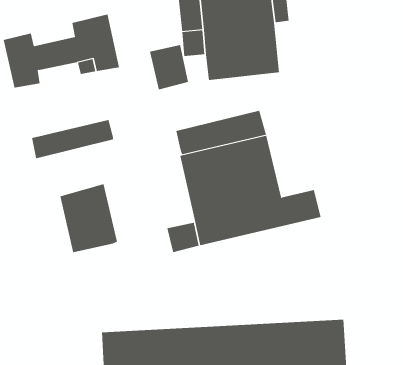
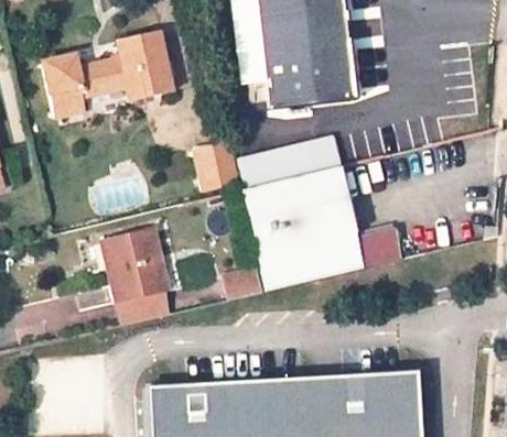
building: [149,44,189,90] -> [191,142,235,193]
building: [31,119,114,159] -> none
building: none -> [119,288,171,323]

